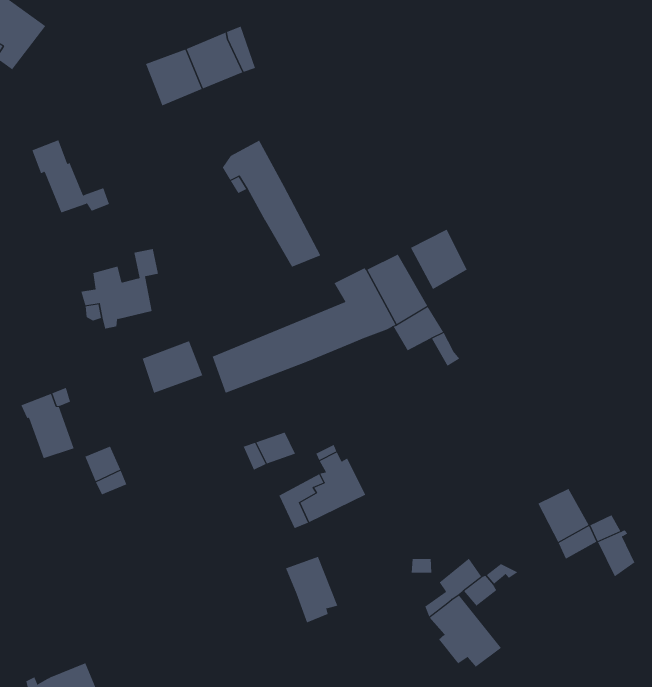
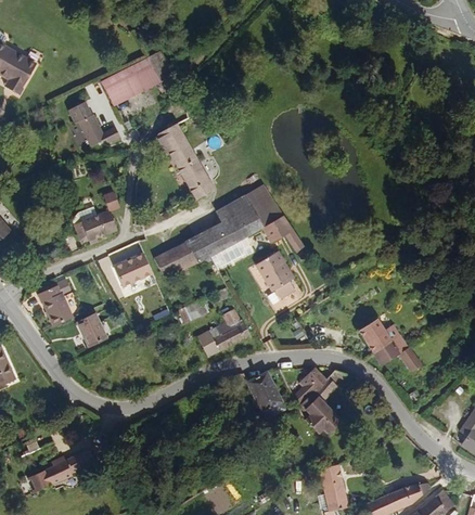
building: [31,140,110,213] -> [67,102,117,146]
building: [410,229,468,290] -> none
building: none -> [256,254,295,301]
building: [285,556,338,623] -> [248,373,282,414]

